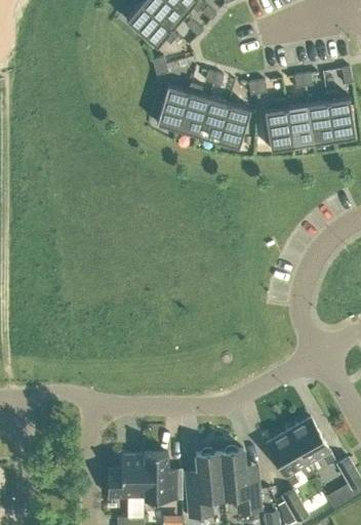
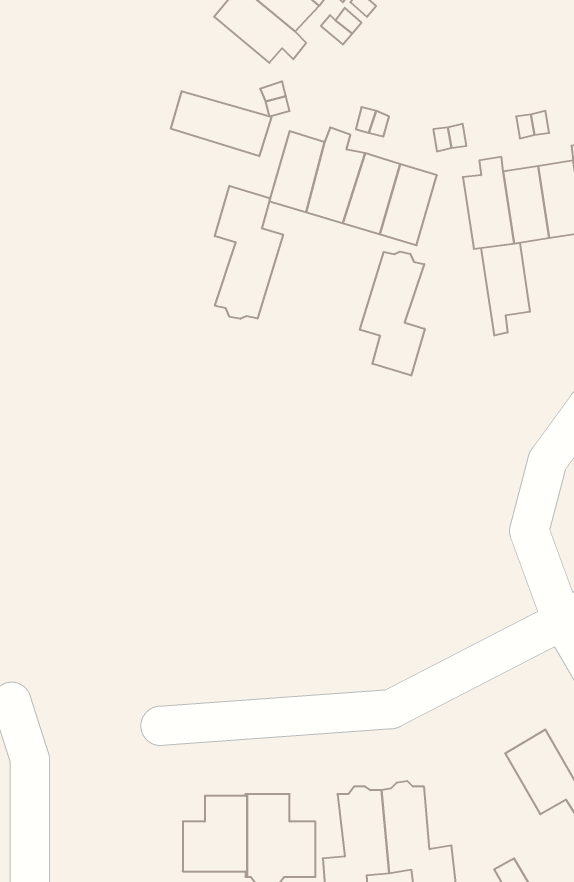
building: none -> [171,91,271,156]
building: none -> [215,186,283,319]
building: none -> [481,243,530,336]
building: none -> [360,252,425,376]
building: [267,432,308,487] -> none

